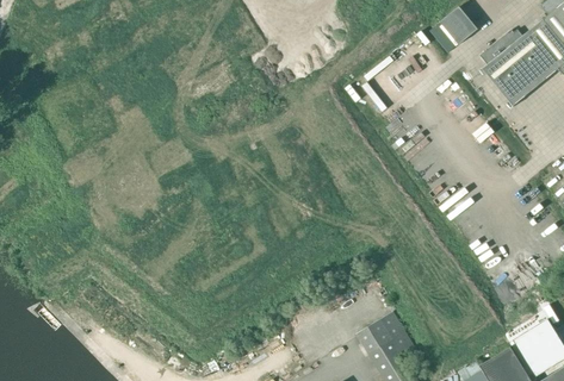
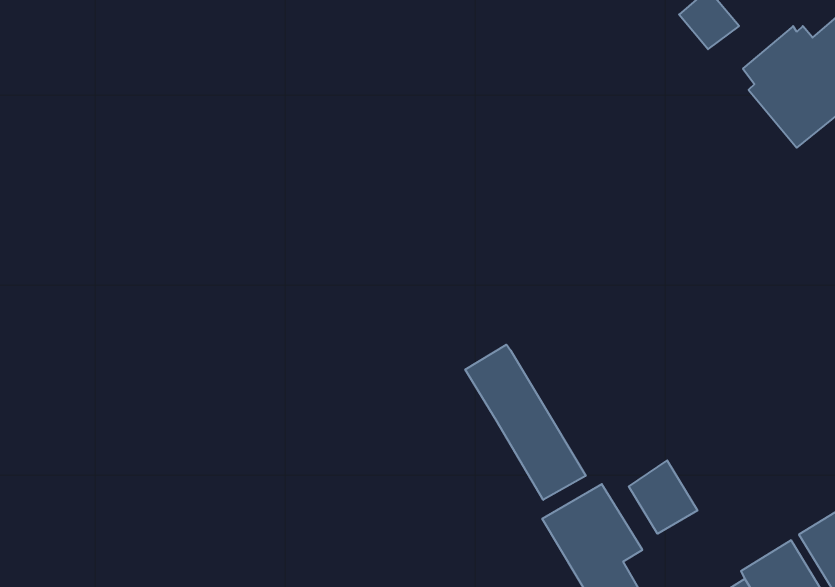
building: none -> [465,345,586,500]
building: none -> [629,460,697,534]

